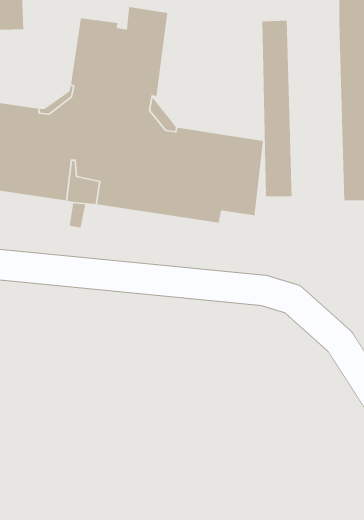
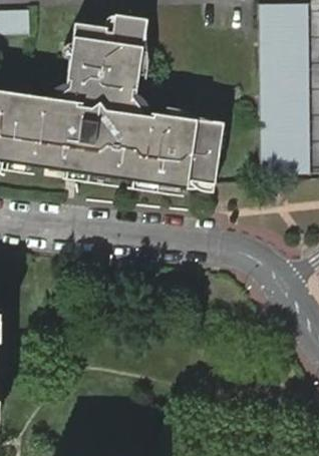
building: [261,20,292,197] -> [262,29,287,172]

